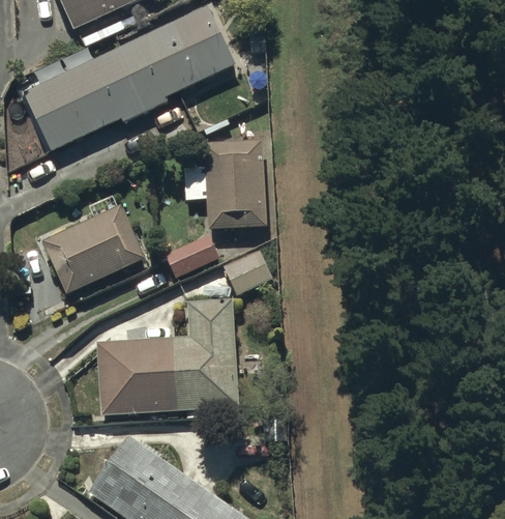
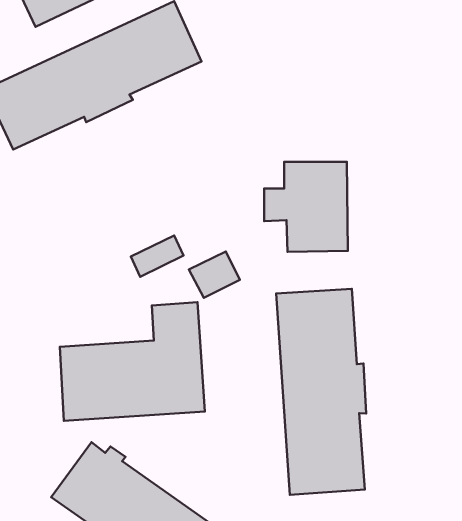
building: [184,141,266,229] -> [264,162,348,252]
building: [42,205,145,294] -> none
building: none -> [276,289,366,495]

